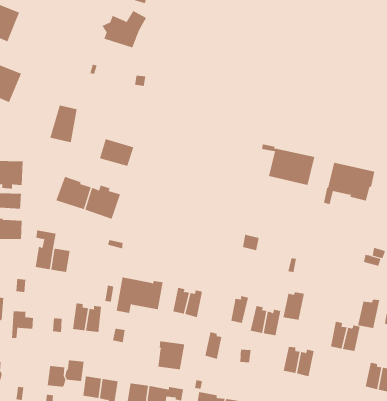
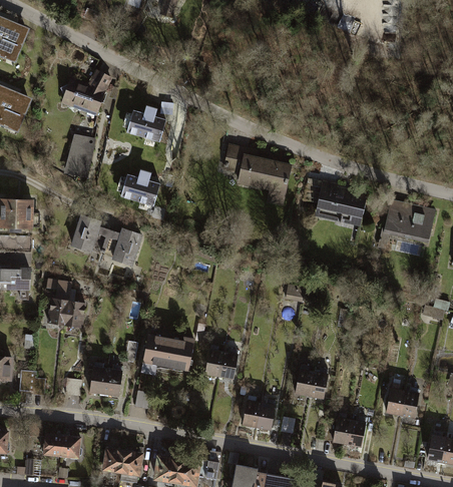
building: [102,10,147,48] -> [60,71,112,115]
building: none -> [126,109,165,141]
building: none -> [223,143,292,206]
building: [283,291,304,320] -> none
building: [230,296,249,323] -> [257,399,278,431]
building: [358,299,380,329] -> none
building: [158,341,185,370] -> none
building: [65,360,85,382] -> [40,433,63,458]

